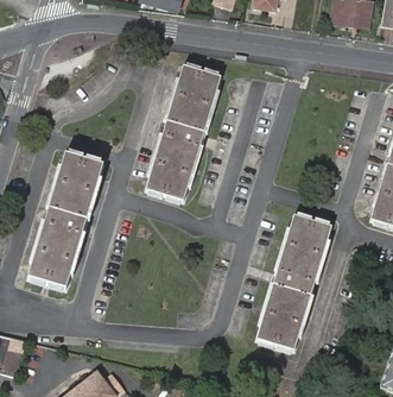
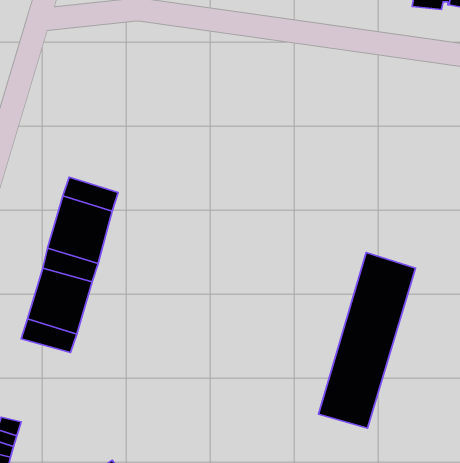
building: [142,67,218,202] -> none

